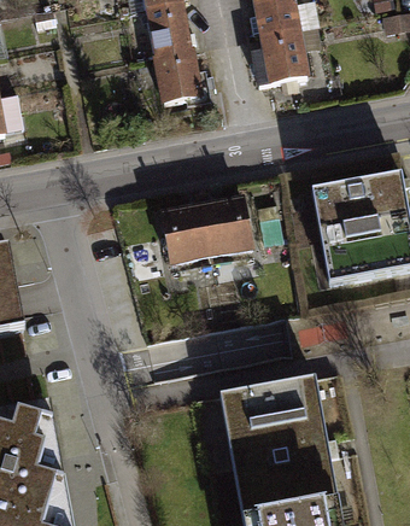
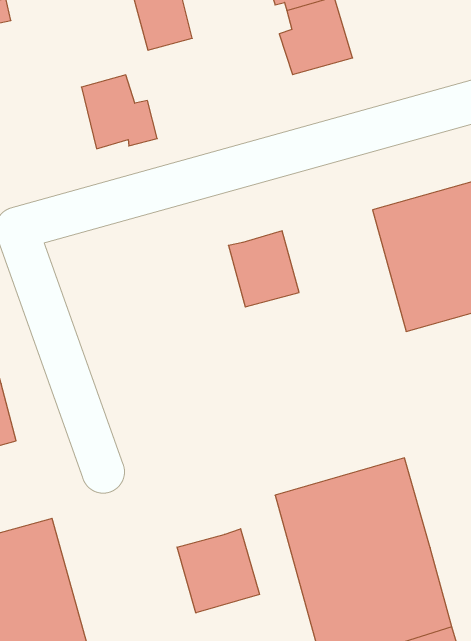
building: [157,47,210,100] -> [81,75,157,149]
building: [163,204,212,258] -> none
building: none -> [177,529,259,613]

